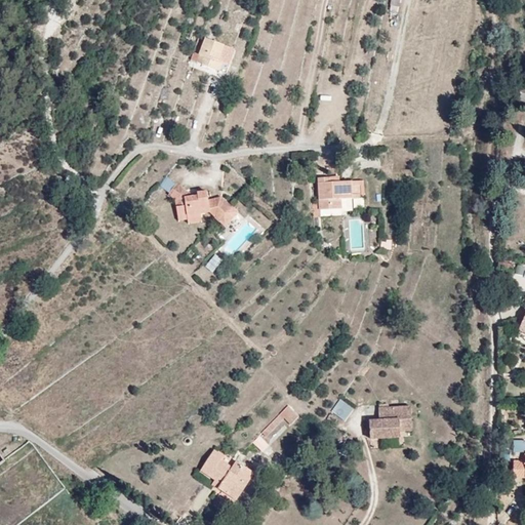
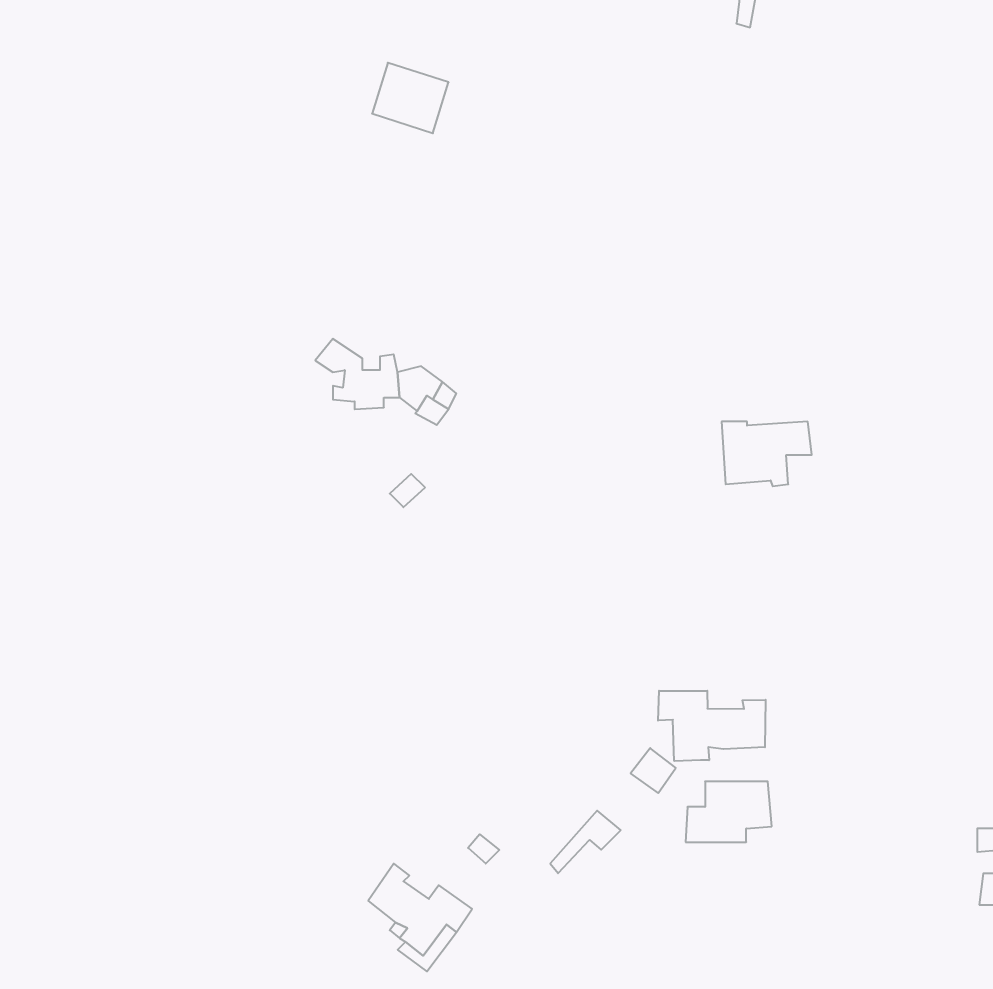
building: [320,178,367,212] -> [722,422,812,486]
building: none -> [658,691,766,761]
building: [258,406,295,439] -> [550,811,621,873]

